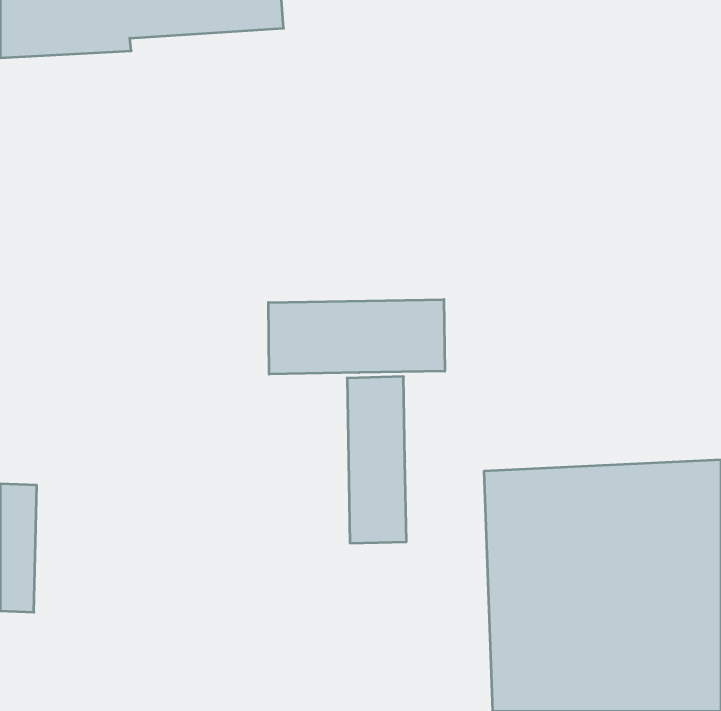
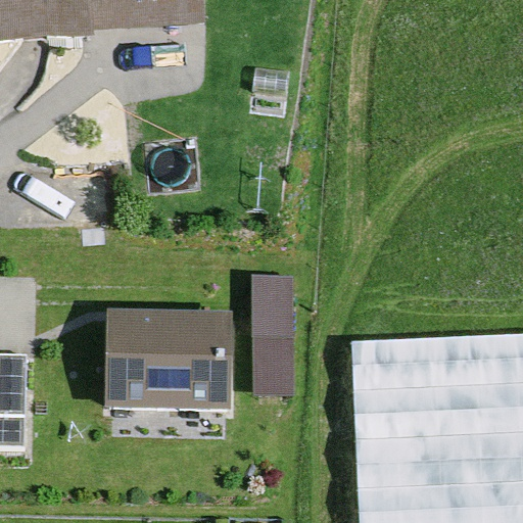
building: [268,299,445,374] -> none
building: none -> [104,310,233,412]

